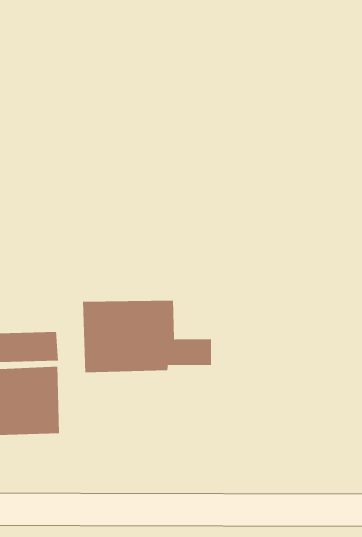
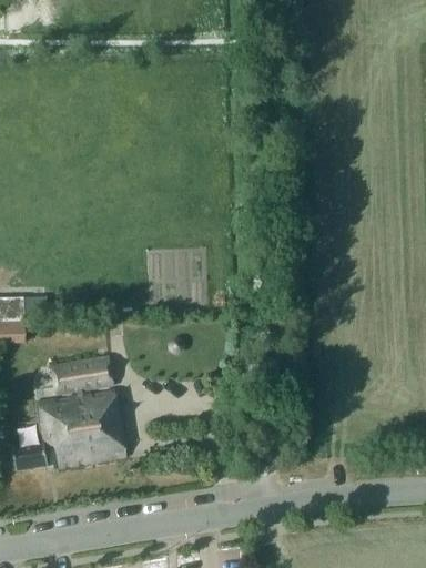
building: [82,300,212,373] -> none

